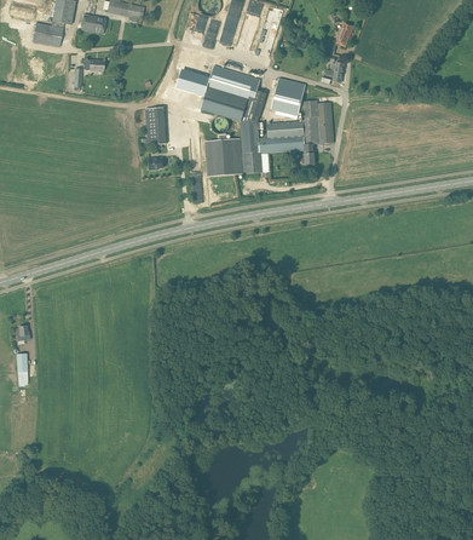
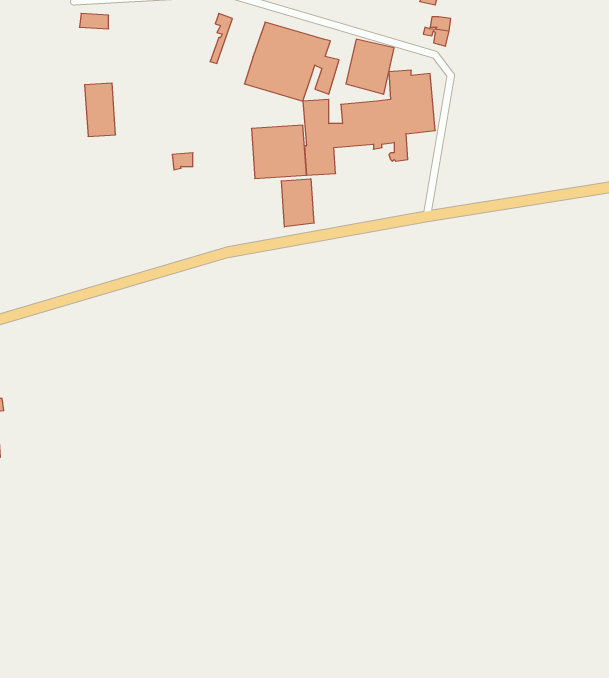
building: [145,107,167,144] -> [85,83,116,136]
building: none -> [281,179,314,227]

